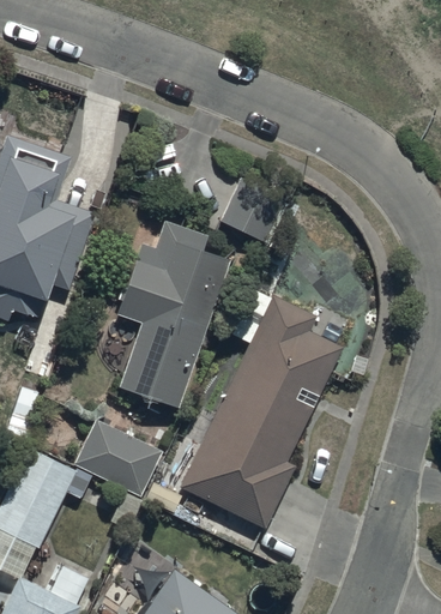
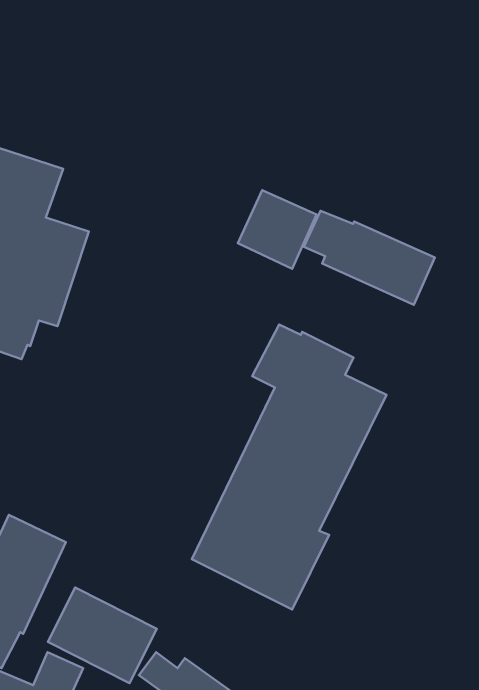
building: none -> [304,211,435,305]
building: [116,222,229,409] -> none
building: [71,417,162,498] -> [48,587,157,683]

